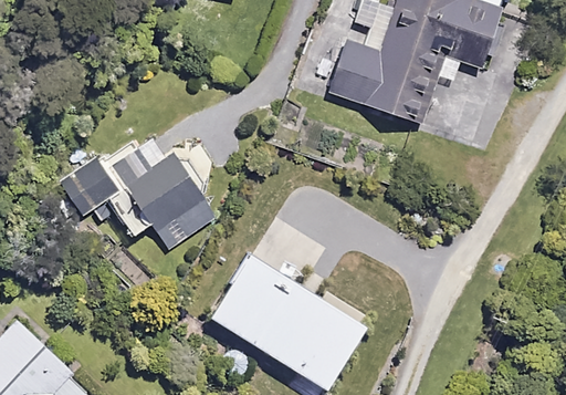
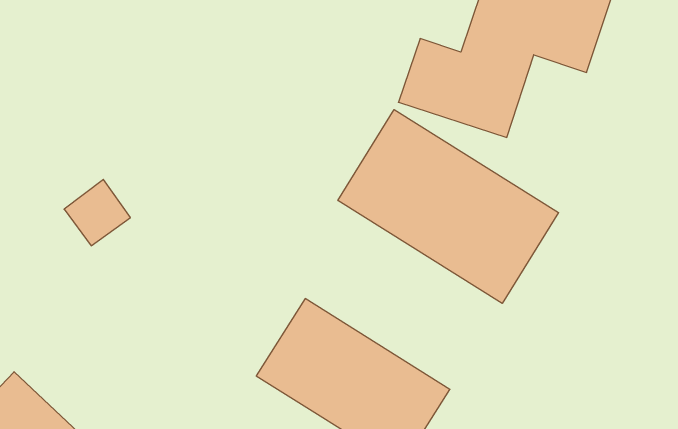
building: none -> [338,110,559,303]
building: [108,139,219,248] -> none

